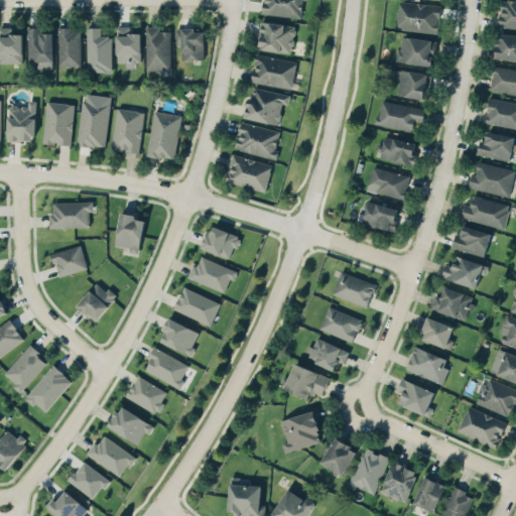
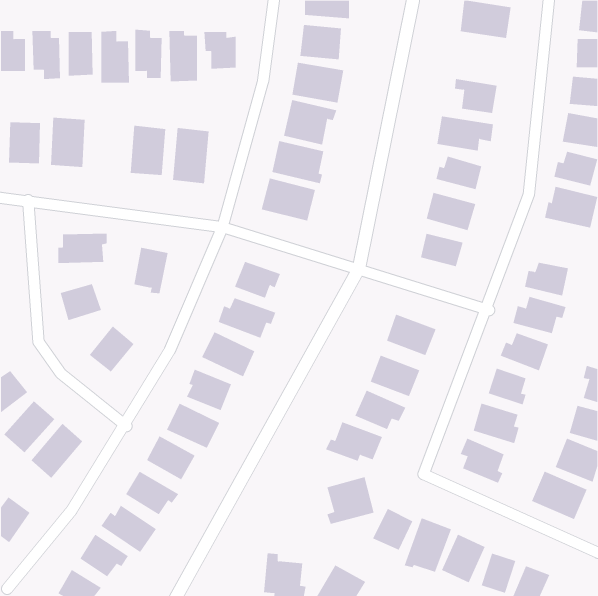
building: [398,38,435,67] -> none
building: [78,95,111,148] -> none
building: [461,197,510,230] -> none

